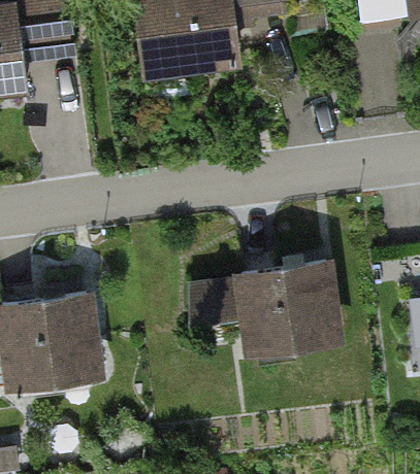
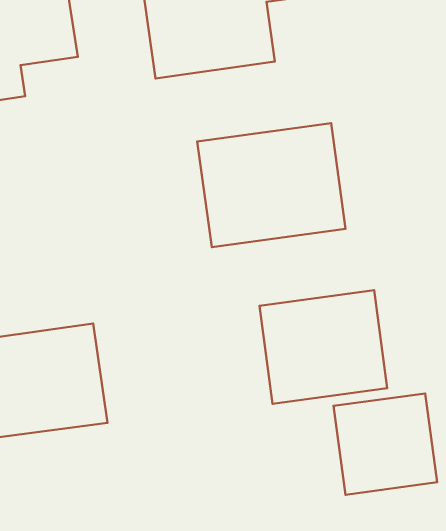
building: none -> [197,123,345,247]
building: none -> [333,393,437,495]

